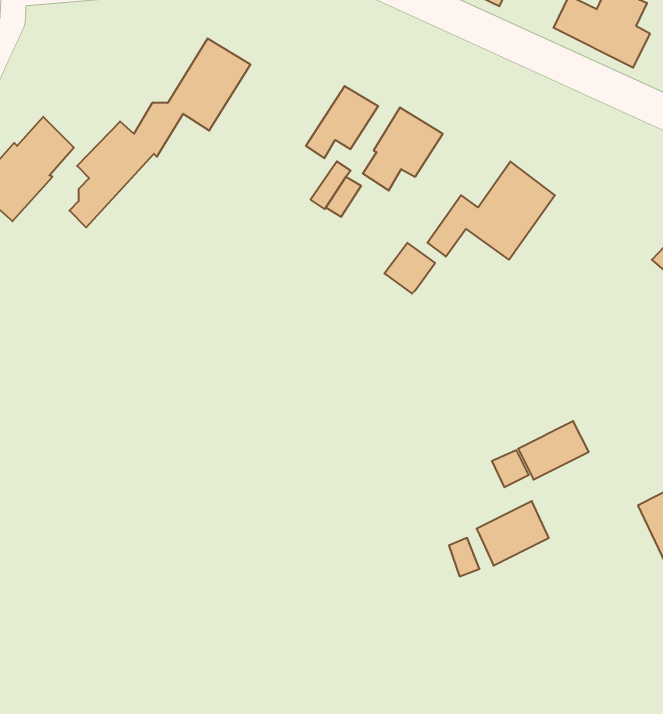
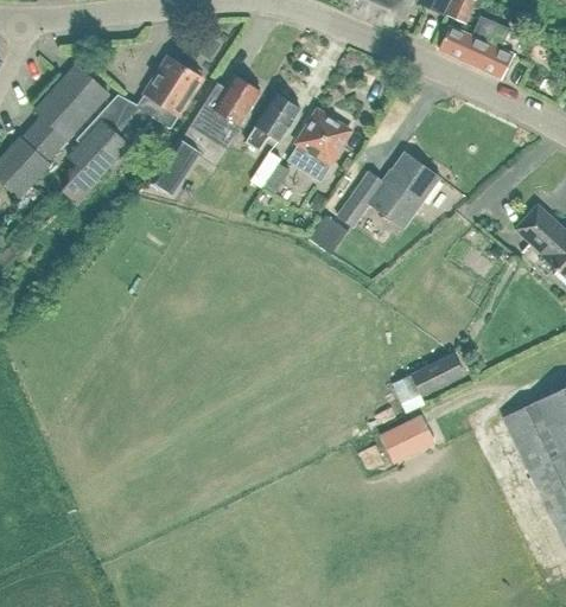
building: none -> [37,64,109,140]
building: none -> [192,74,261,147]
building: none -> [148,138,198,194]

